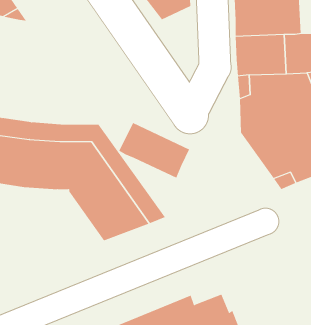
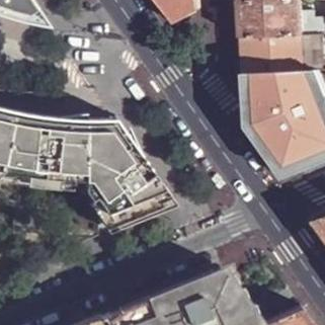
building: [119,122,190,179] -> none

